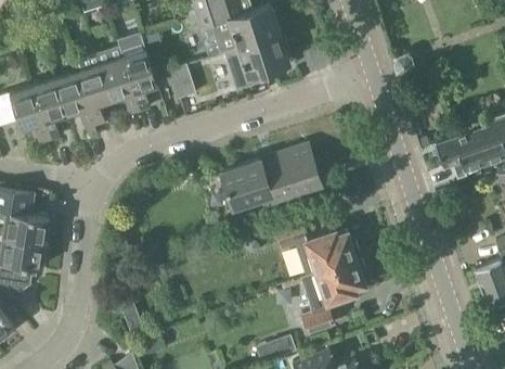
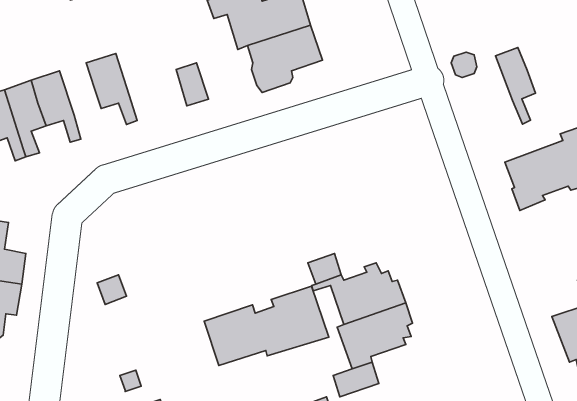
building: [117,34,157,112] -> none
building: none -> [496,48,535,124]
building: [76,65,109,127] -> none
building: [221,144,322,208] -> [204,286,329,365]

